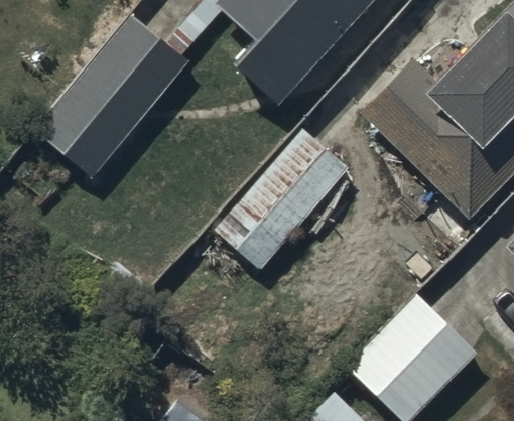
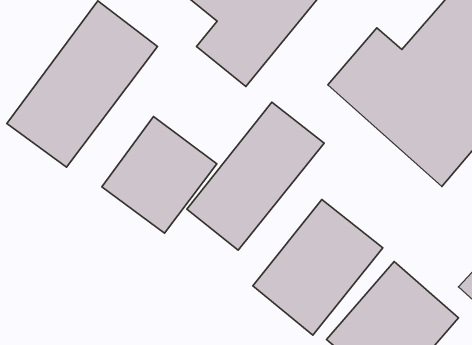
building: none -> [102,117,217,233]
building: none -> [253,200,383,335]

